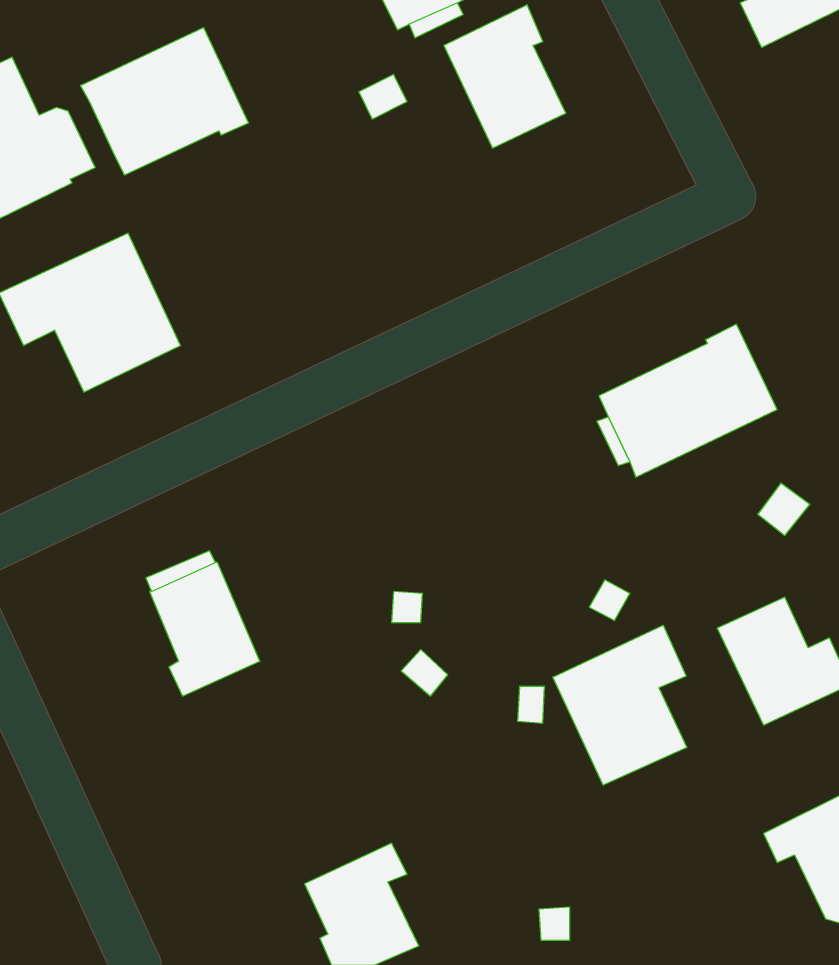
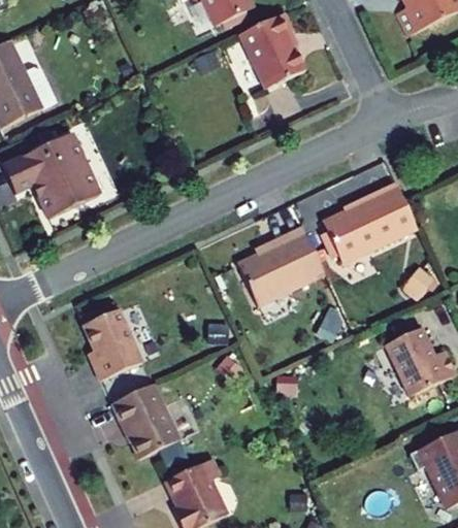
building: [80,28,249,175] -> none
building: none -> [237,226,324,304]
building: [553,625,687,785] -> none
building: none -> [111,383,178,457]

